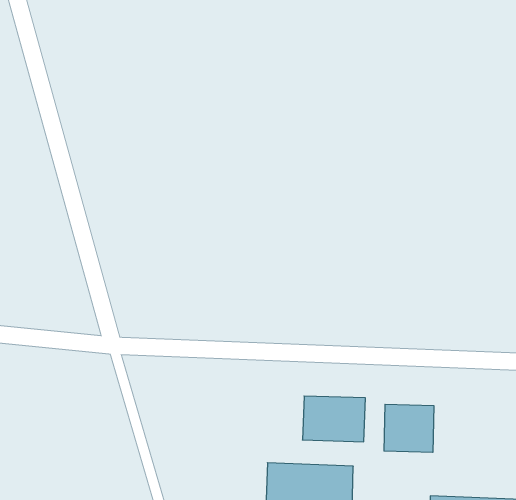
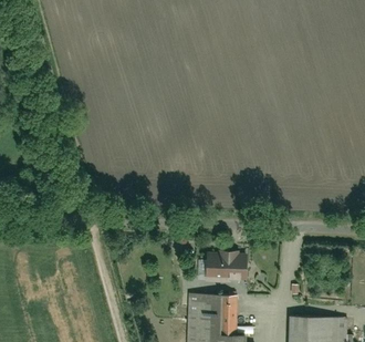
building: [384,404,434,452] -> none

